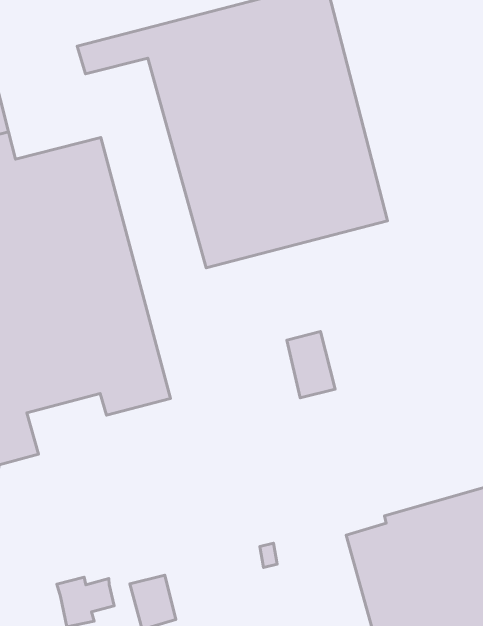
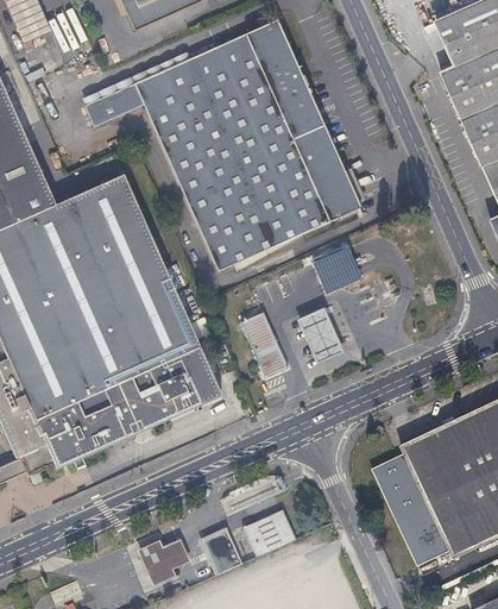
building: none -> [315,245,364,291]
building: none -> [240,310,286,376]
building: none -> [94,381,216,445]
building: none -> [244,508,297,554]

